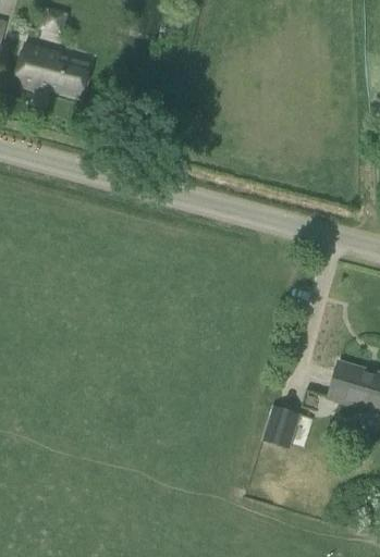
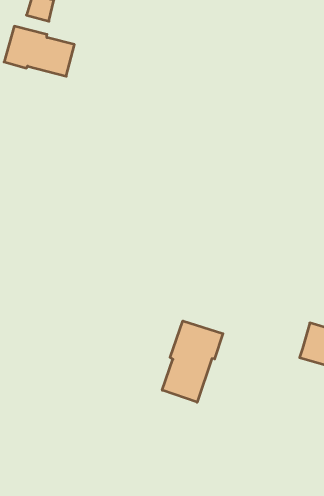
building: none -> [162,321,223,402]
building: [266,407,302,446] -> none

